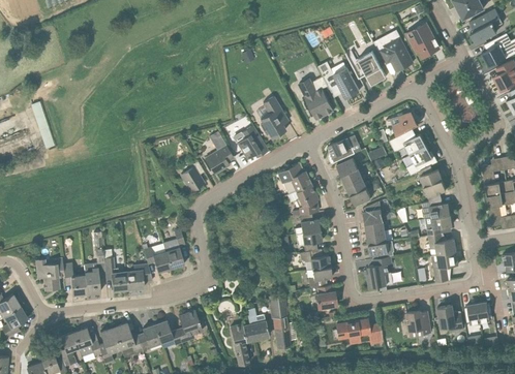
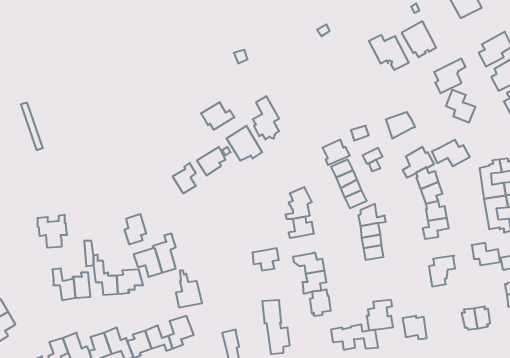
building: [469,8,501,42] -> [434,58,466,93]
building: [345,50,386,88] -> none
building: [317,61,359,97] -> none
building: [299,77,333,118] -> none
building: none -> [201,102,234,130]
building: [389,128,426,154] -> [432,140,470,166]
building: [277,164,310,190] -> none
building: none -> [125,214,146,245]
building: [296,229,322,251] -> [252,248,279,270]
building: [428,232,457,254] -> [472,243,501,265]
building: [35,256,64,288] -> [37,215,67,248]
building: [367,256,393,286] -> [367,300,393,330]
building: [243,304,269,340] -> [176,270,202,307]
building: [437,305,463,331] -> none

